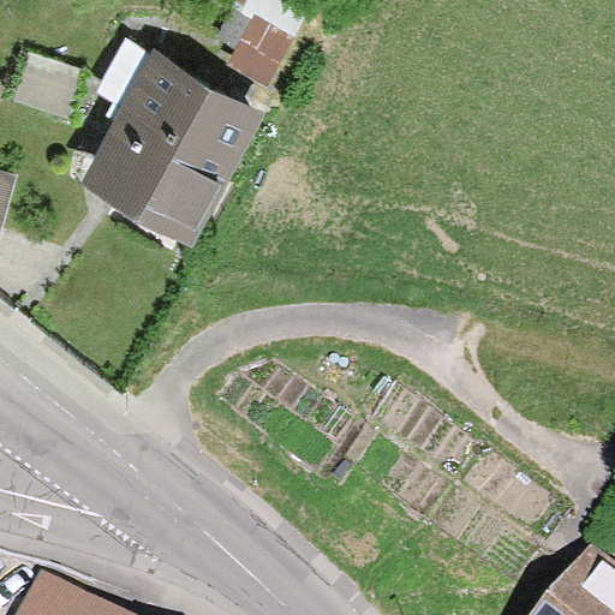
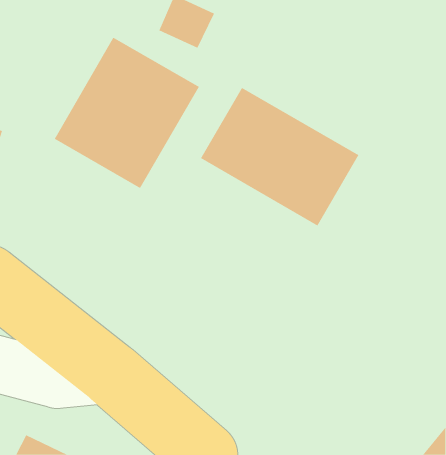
building: none -> [200,87,359,227]

